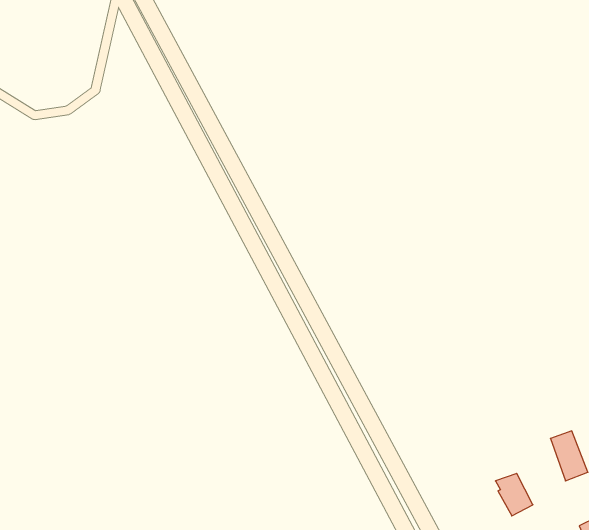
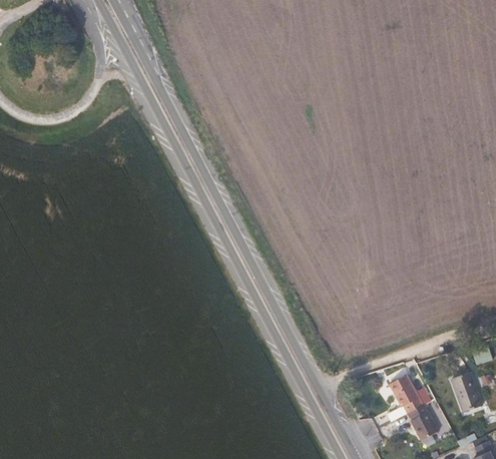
building: none -> [390,374,426,413]

